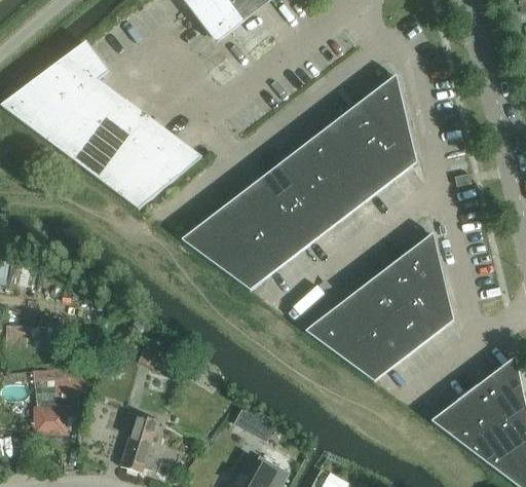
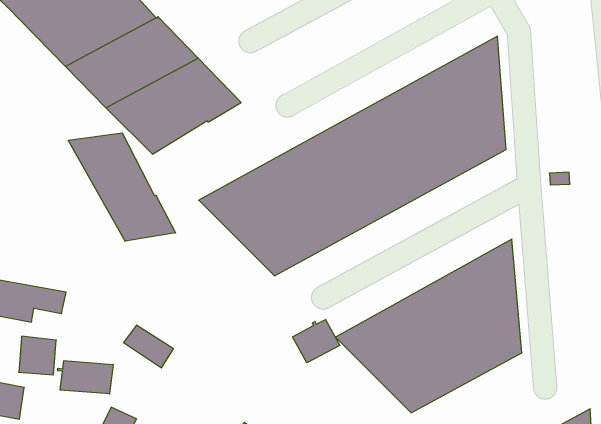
building: none -> [68,133,176,241]
building: none -> [293,319,340,363]
building: none -> [58,361,113,394]

